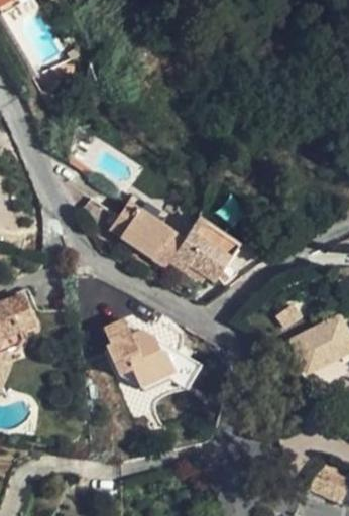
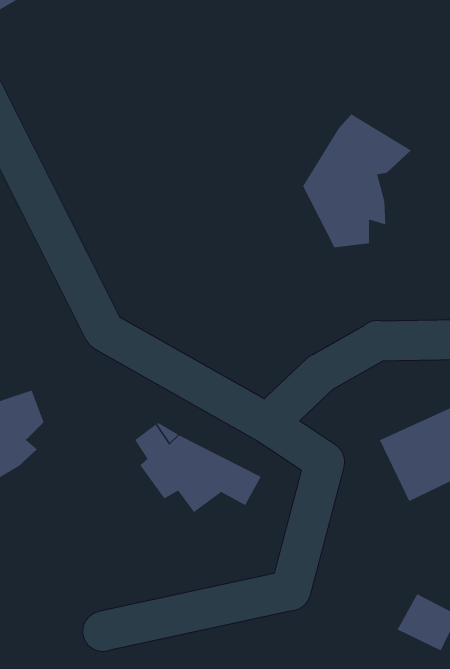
building: none -> [302,114,412,248]
building: [107,201,237,278] -> none

